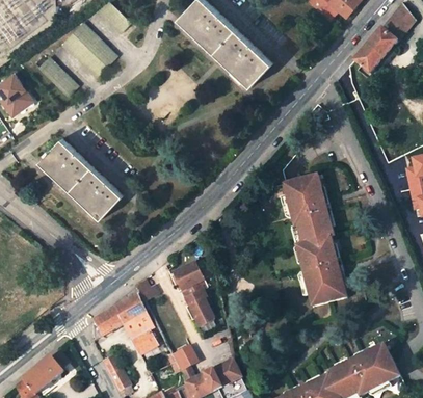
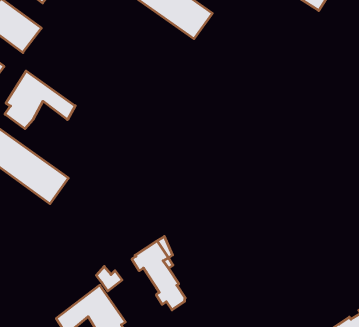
building: none -> [5,71,75,129]
building: [282,174,346,307] -> none

